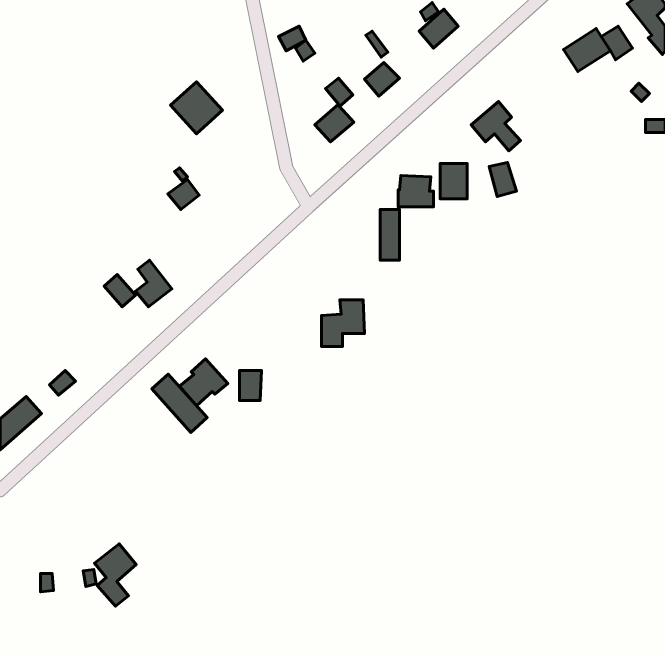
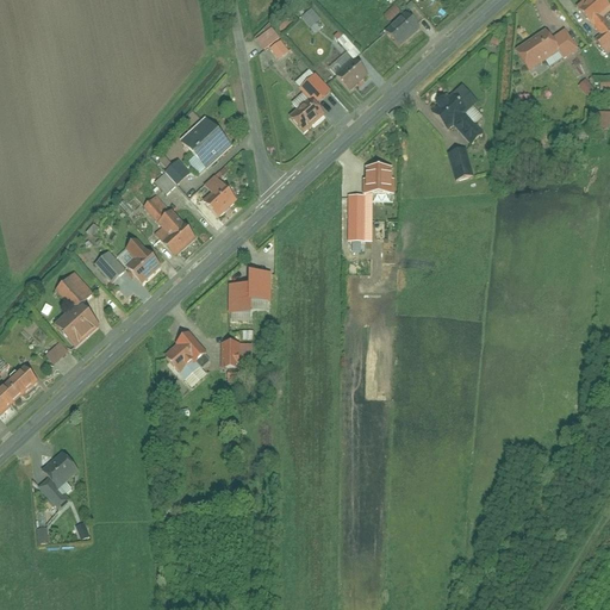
building: [171,82,223,134] -> [182,116,230,163]
building: [440,163,467,199] -> none
building: none -> [204,183,236,216]
building: none -> [143,197,195,254]
building: [322,300,365,347] -> [231,269,270,312]
building: none -> [55,275,97,340]
building: [152,374,207,432] -> none
building: [95,544,136,606] -> [39,450,77,508]

